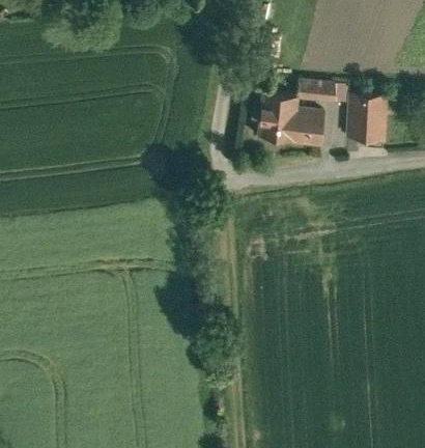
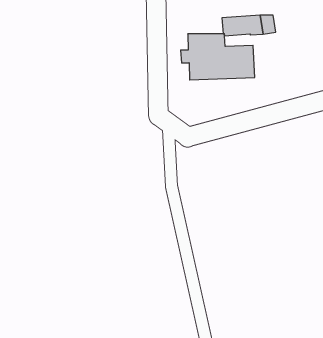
building: [348,93,387,139] -> none

